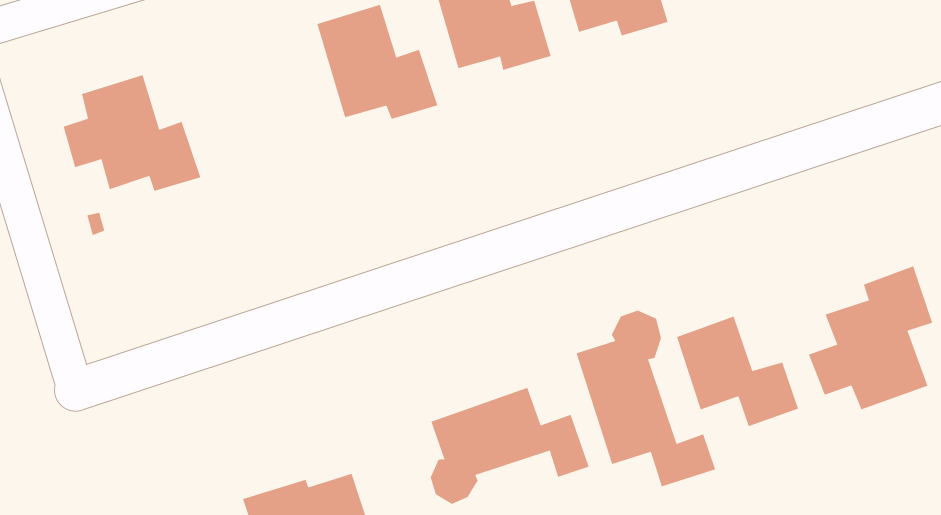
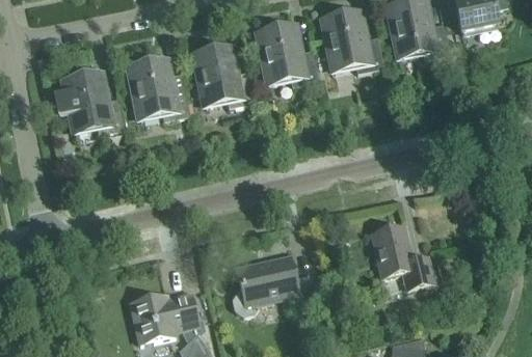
building: none -> [129,57,189,120]
building: [808,266,933,410] -> none
building: [576,310,716,487] -> none

